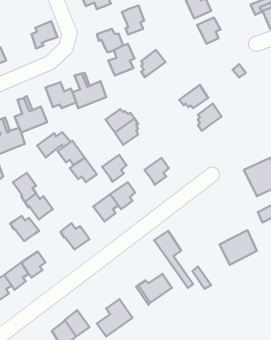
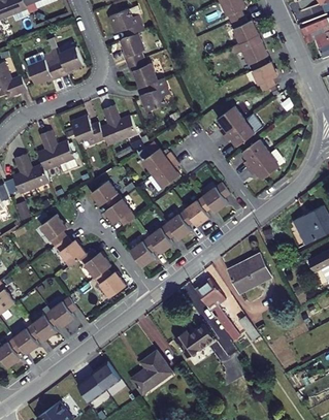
building: [122,6,144,35] -> [123,30,147,62]
building: none -> [28,51,63,84]
building: none -> [251,64,275,93]
building: [141,50,165,77] -> [217,104,243,134]
building: none -> [245,153,277,179]
building: [37,132,71,157] -> none
building: none -> [201,185,229,215]
building: [102,155,127,182] -> [164,212,191,241]
building: [10,216,39,241] -> [75,251,107,279]
building: [220,230,257,265] -> [225,252,266,290]

